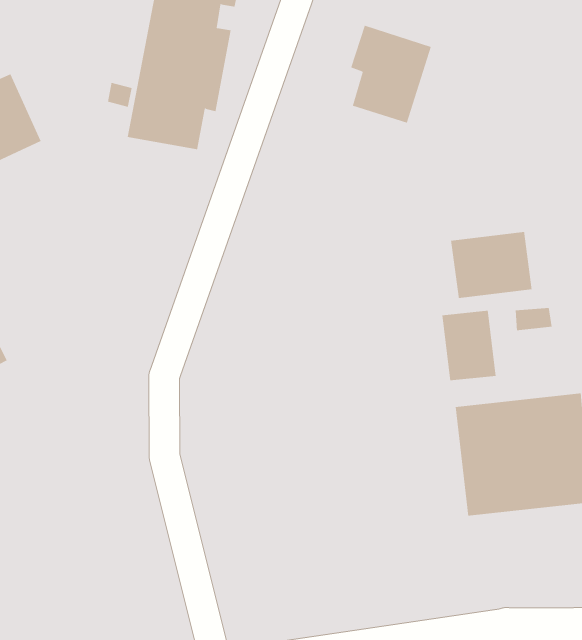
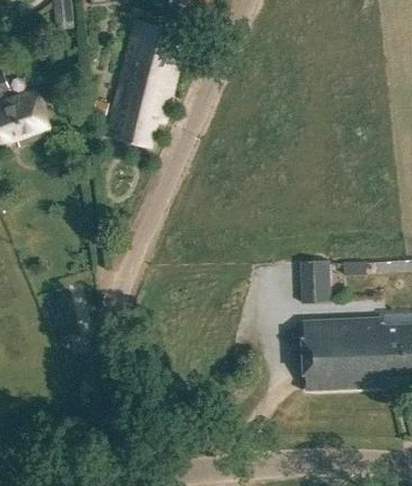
building: [350,25,431,123] -> none
building: [451,231,532,299] -> none

